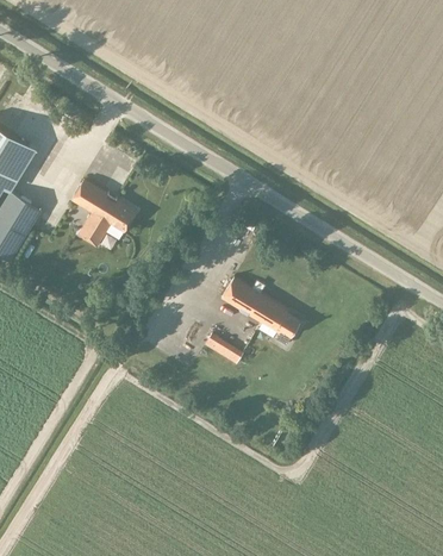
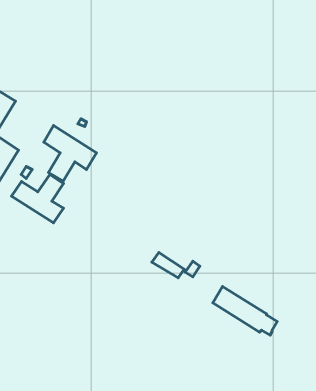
building: none -> [11,174,64,223]
building: [223,279,301,338] -> [213,286,277,335]

